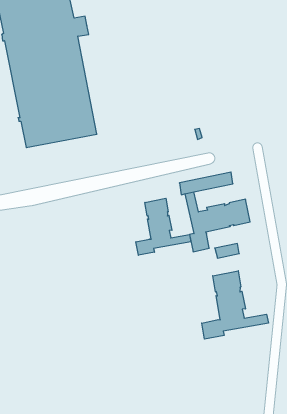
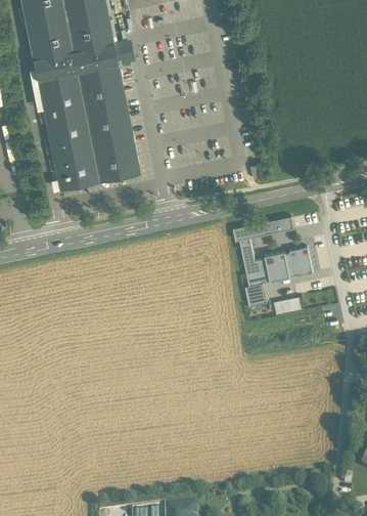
building: [136,198,191,255] -> none
building: [202,271,268,339] -> none

